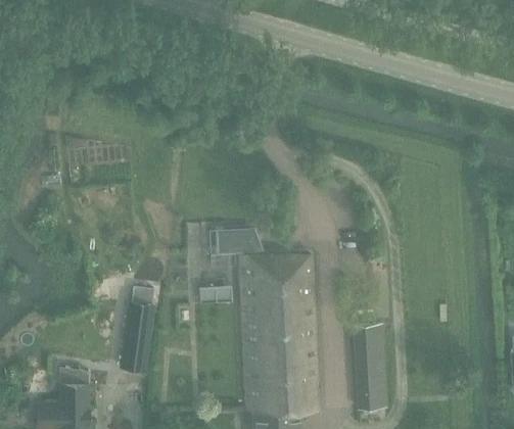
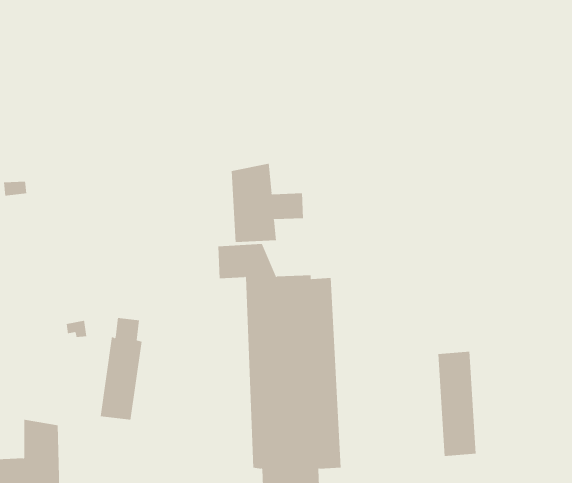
building: none -> [231,163,303,243]
building: [354,324,385,410] -> [438,351,476,456]

